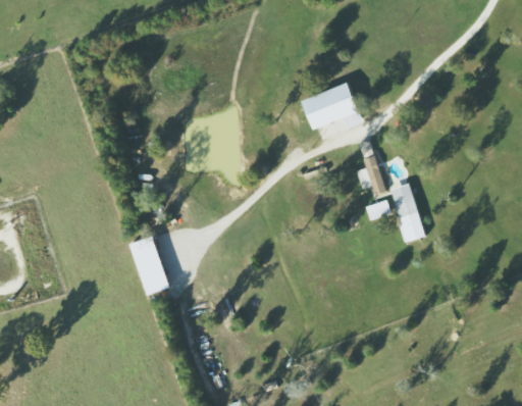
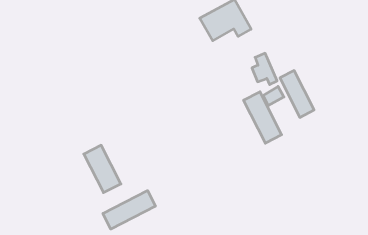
building: none -> [244,92,282,143]
building: none -> [103,191,155,229]

